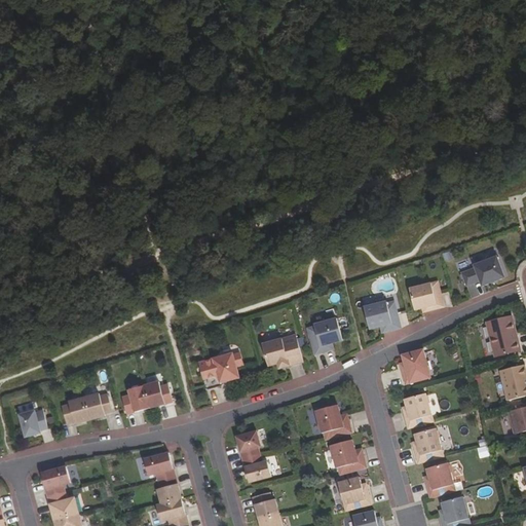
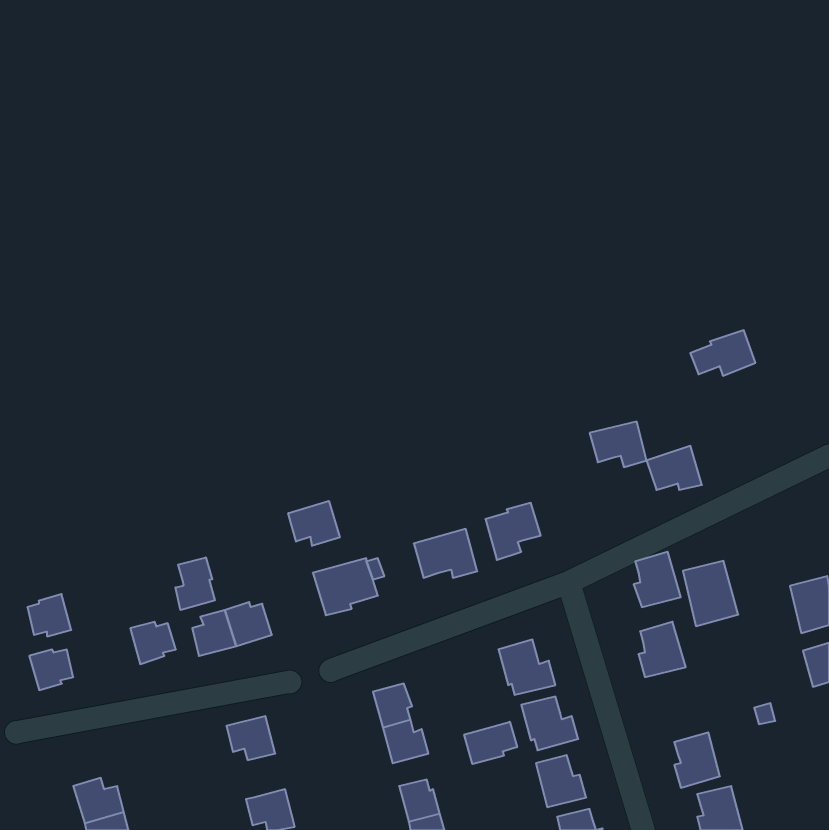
building: [462,256,503,285] -> [690,330,755,376]
building: [364,302,400,331] -> [590,422,647,467]
building: [484,315,519,356] -> [683,561,738,626]
building: none -> [288,501,340,546]
building: none -> [175,557,215,610]
building: [61,397,88,423] -> [27,594,71,636]
building: [413,427,442,462] -> none
building: none -> [464,722,517,764]
building: [40,465,70,496] -> none
building: [156,476,180,503] -> none

